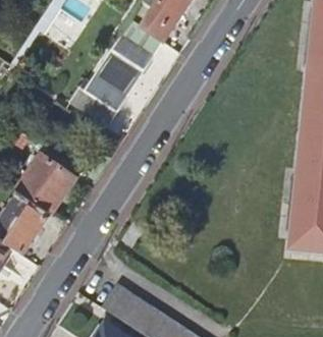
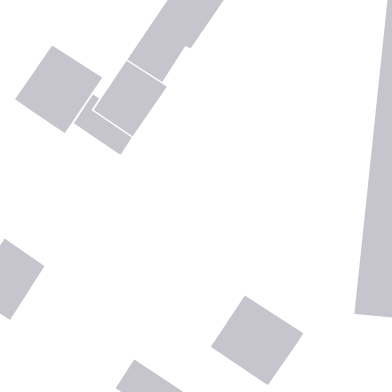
building: none -> [14,44,103,134]
building: [17,155,73,212] -> none
building: none -> [210,294,304,386]

